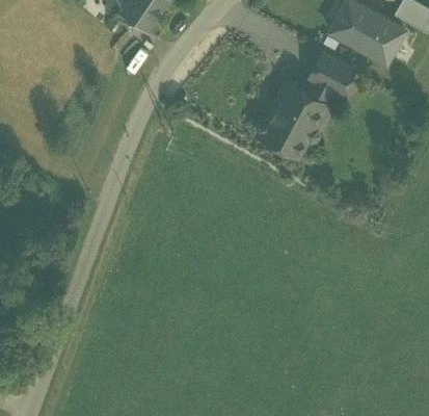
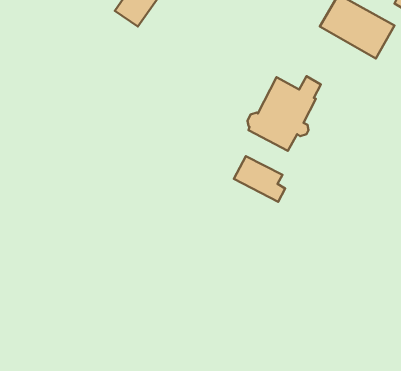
building: [307,53,353,96] -> none
building: none -> [234,156,285,202]

